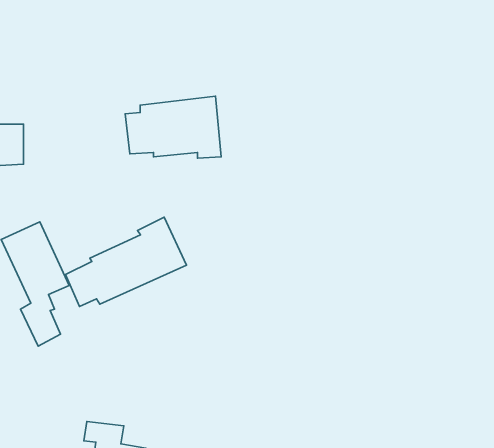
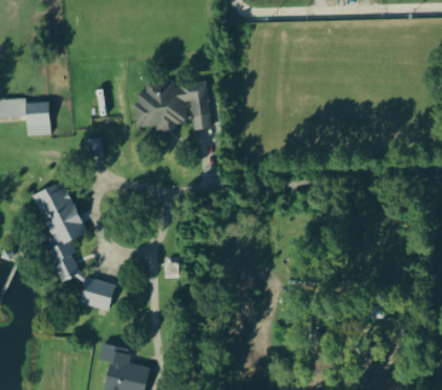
building: [65,217,187,307] -> none
building: none -> [81,279,116,310]

